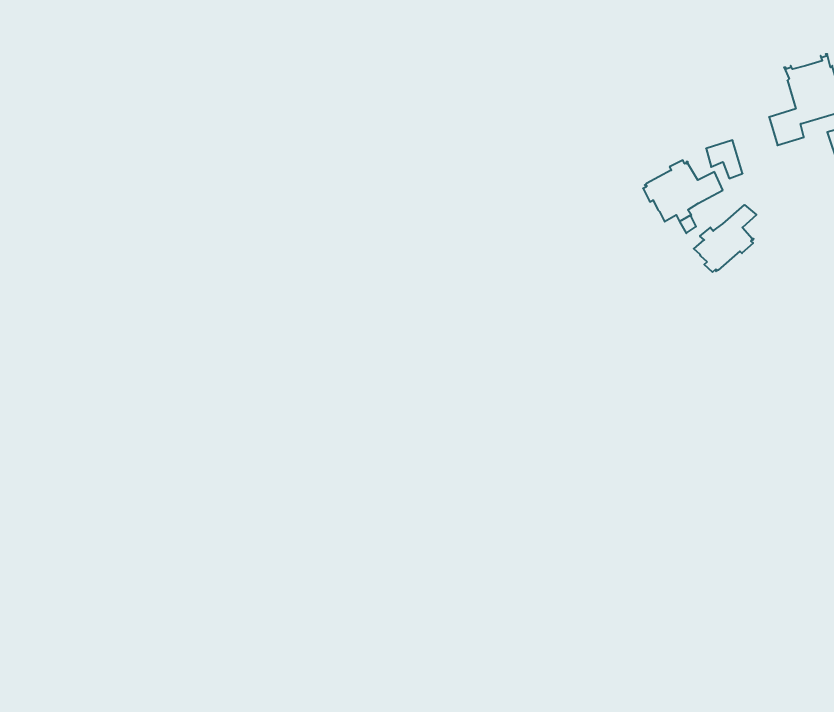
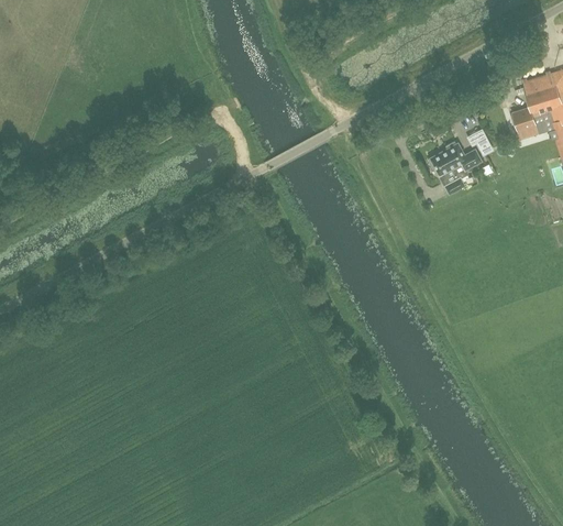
building: [694,205,756,272] -> none

